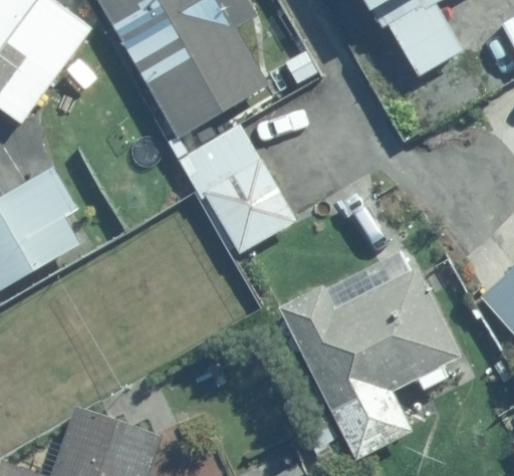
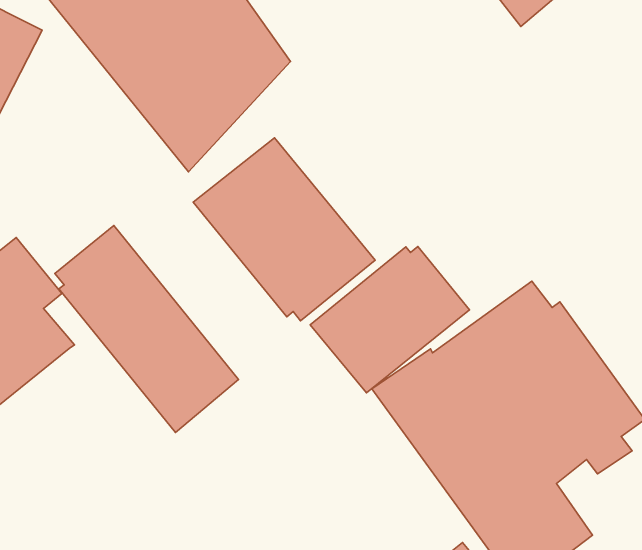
building: none -> [55,225,239,433]
building: none -> [310,246,470,393]

